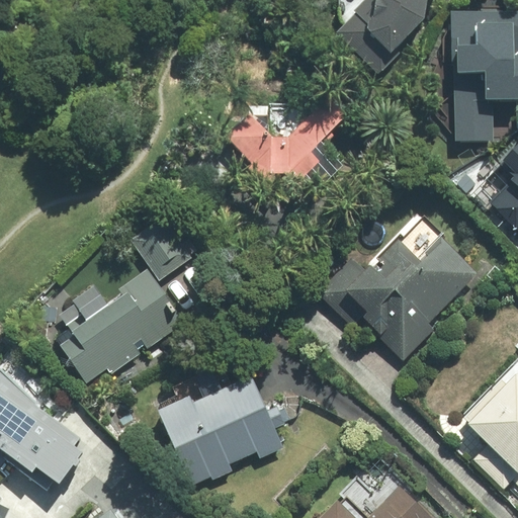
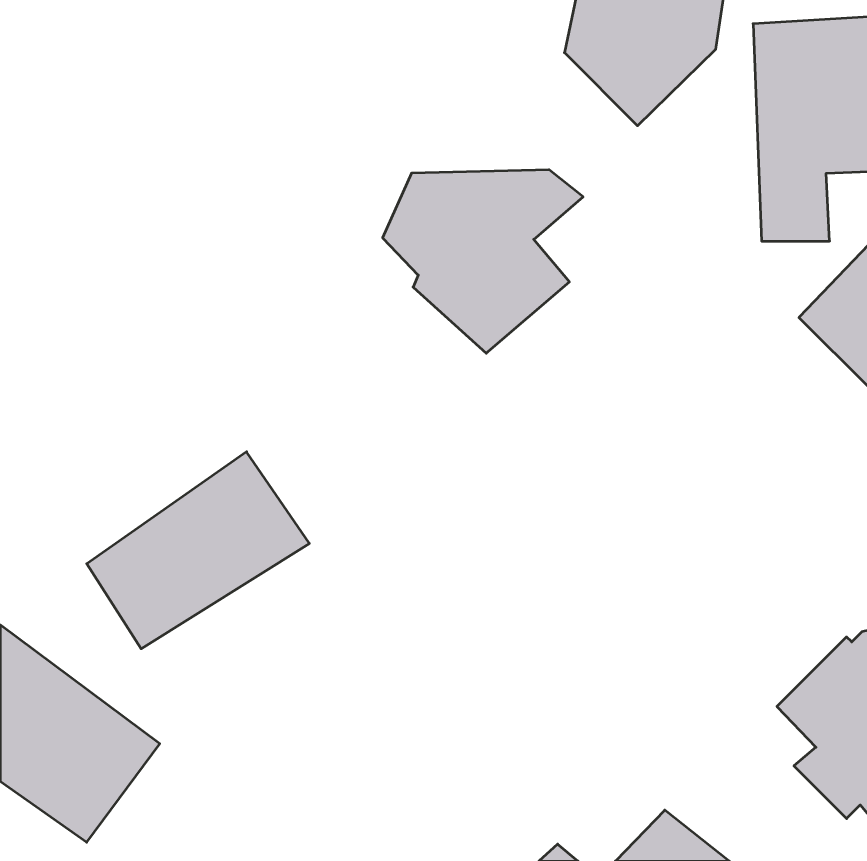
building: [136,222,193,277] -> none
building: [316,239,486,359] -> none
building: [156,366,280,484] -> none

